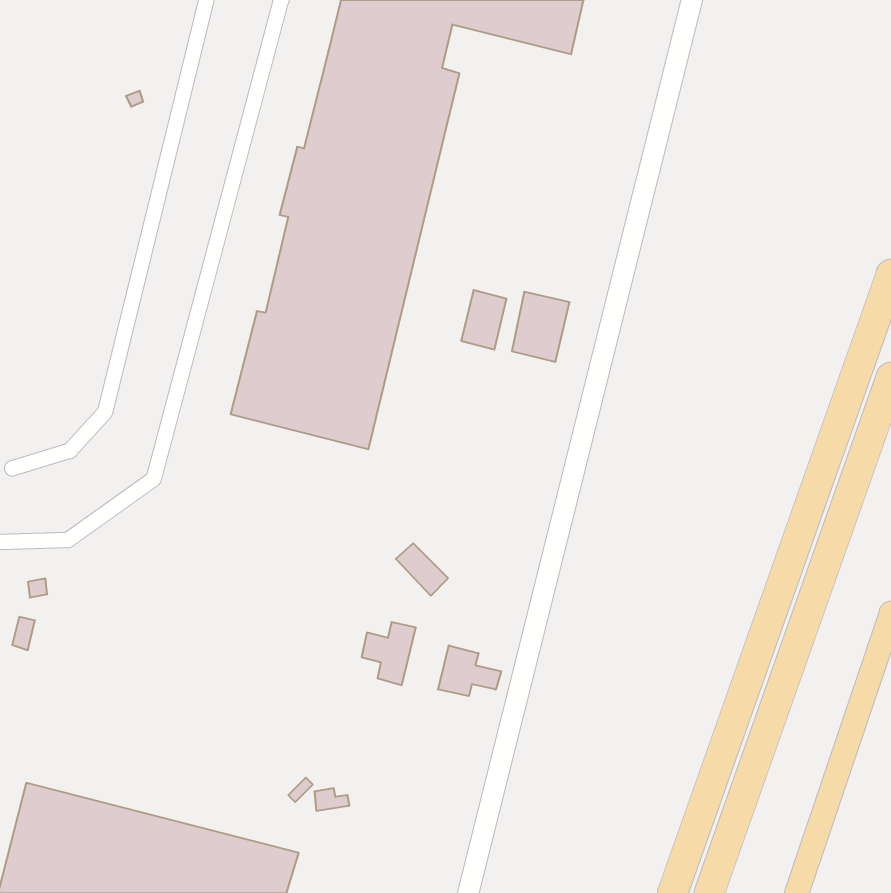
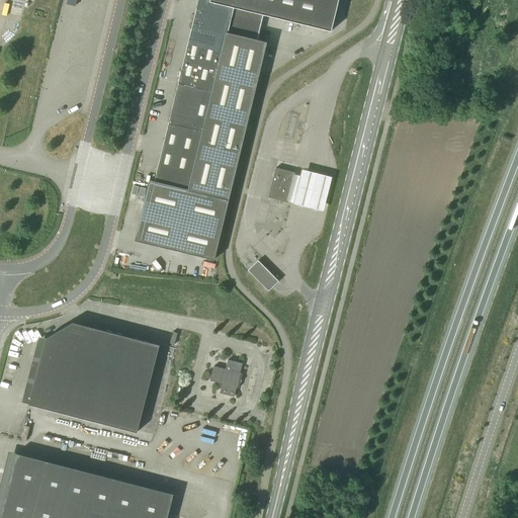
building: [396,543,448,596] -> [247,261,277,291]
building: none -> [28,322,159,432]
building: [438,645,501,696] -> none

